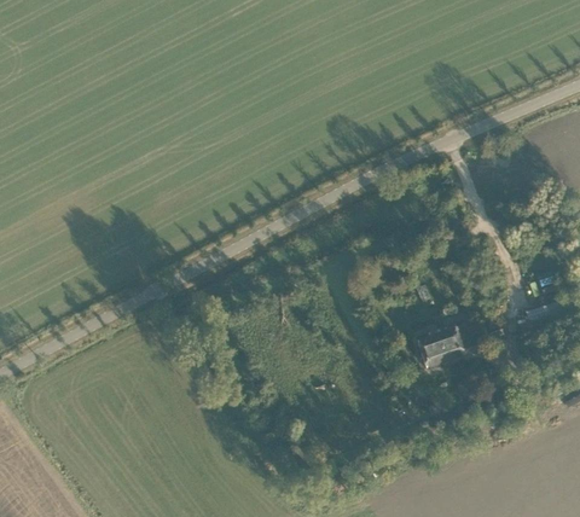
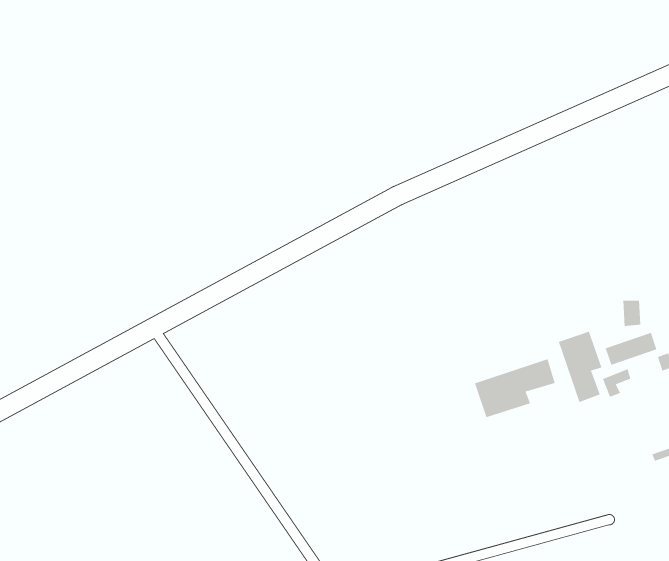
building: none -> [558,331,602,403]

